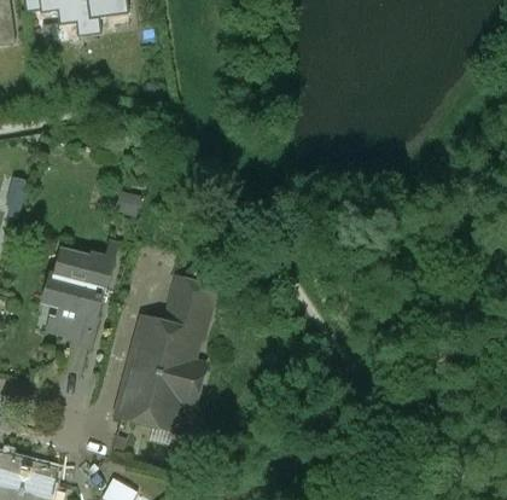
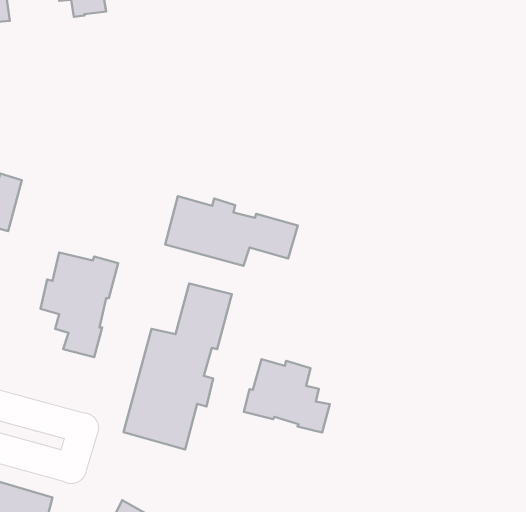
building: none -> [165,196,298,266]
building: none -> [244,359,330,433]

